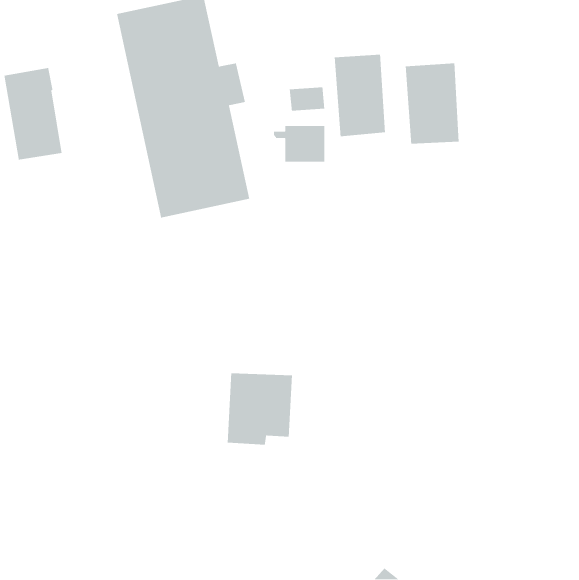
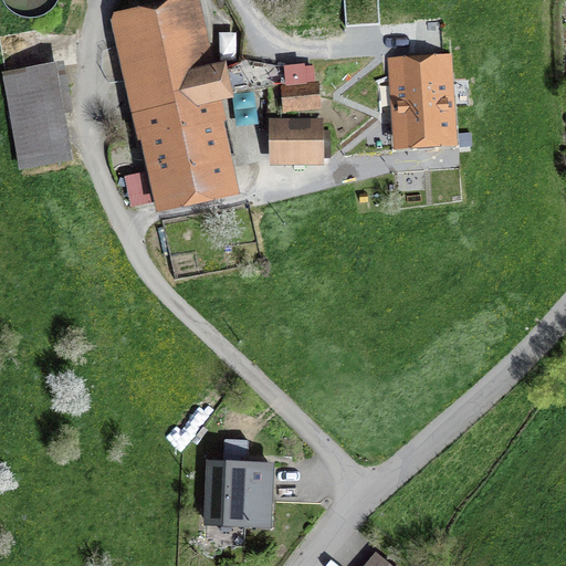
building: [334,54,386,137] -> none
building: [227,373,293,445] -> [205,462,269,533]

